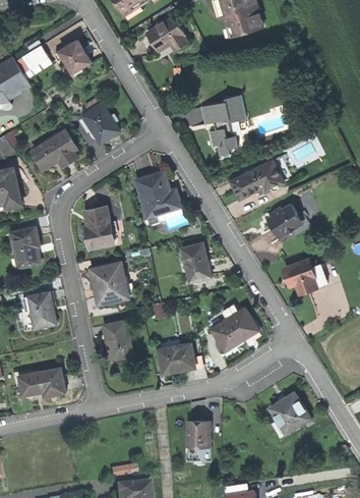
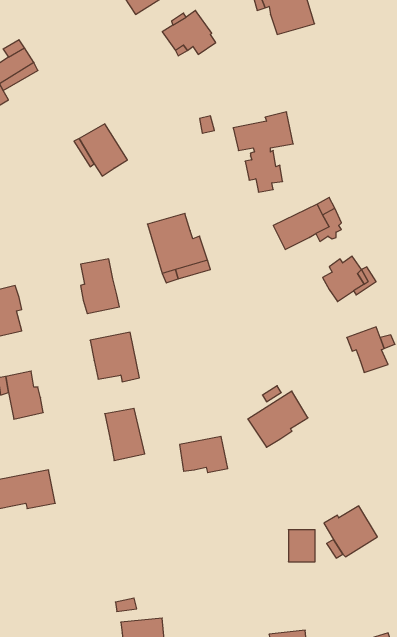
building: [54,39,92,75] -> none
building: [33,128,78,168] -> none
building: [182,242,211,280] -> none
building: [188,421,208,445] -> [288,530,315,562]

